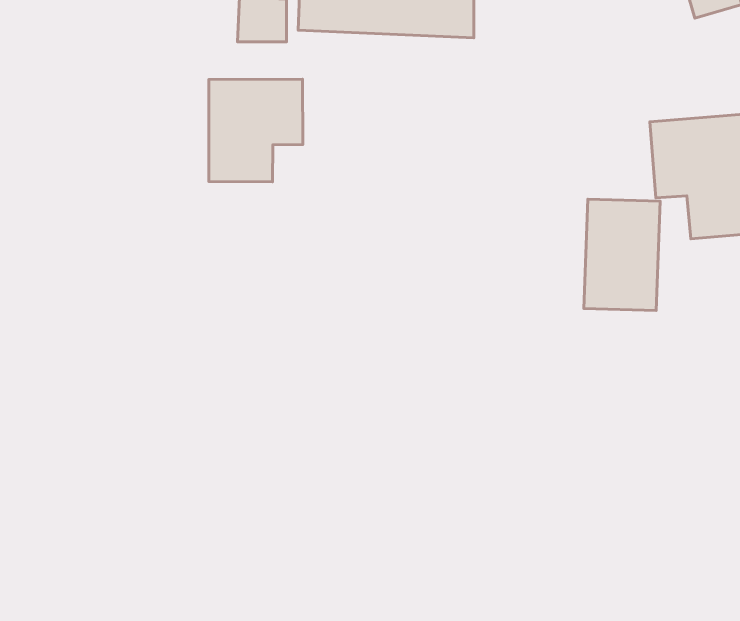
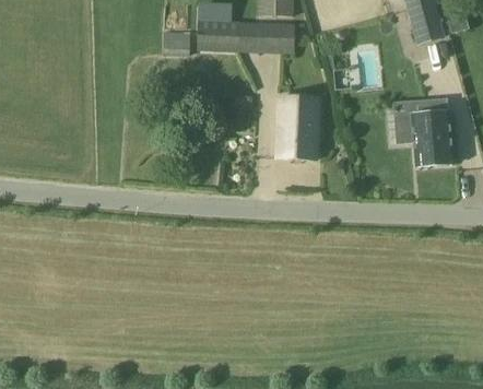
building: [209,79,303,182] -> none
building: [584,199,660,310] -> [276,96,319,158]

